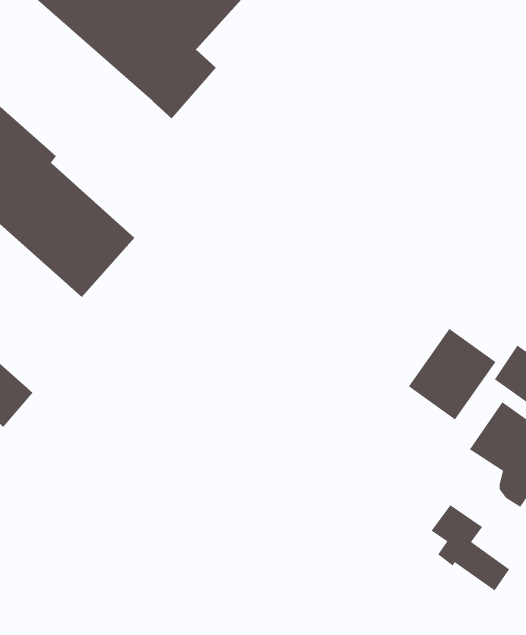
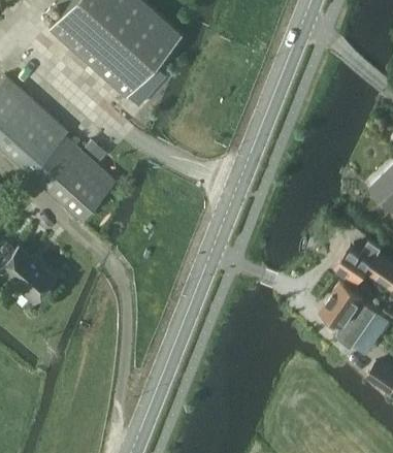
building: [408,328,496,420] -> none
building: [431,504,510,591] -> none

